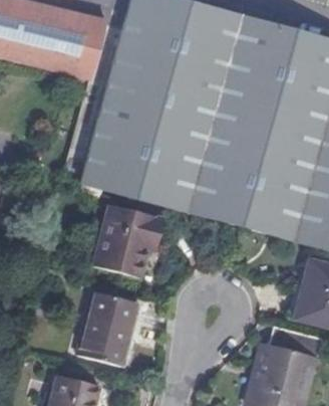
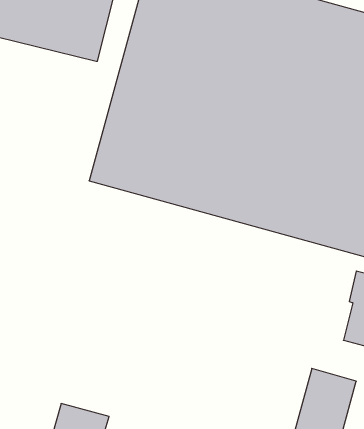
building: [92,203,162,276] -> none
building: [79,290,136,363] -> none

